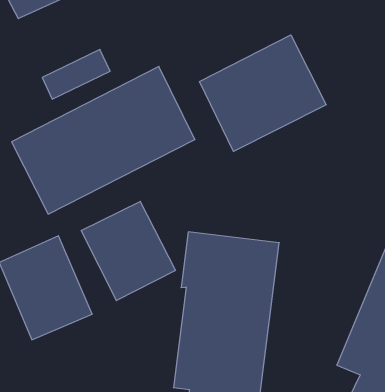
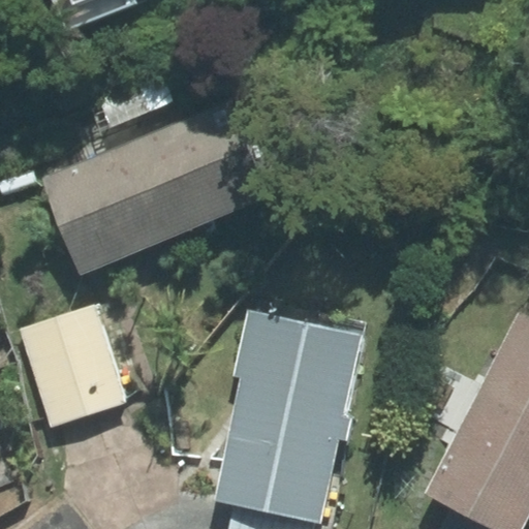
building: [199,35,326,151] -> none
building: [81,201,175,301] -> none

